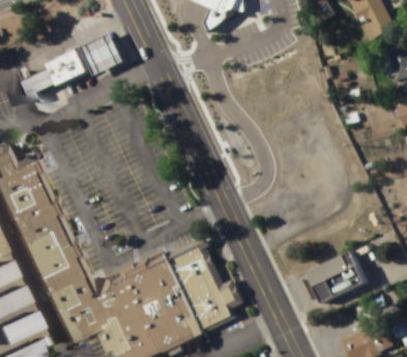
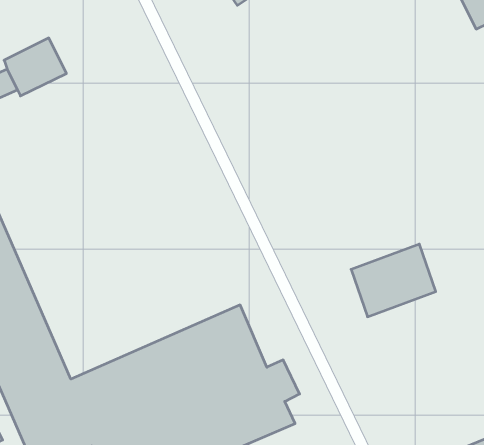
building: [83,32,124,73] -> none
building: [310,254,369,304] -> [351,244,436,317]

